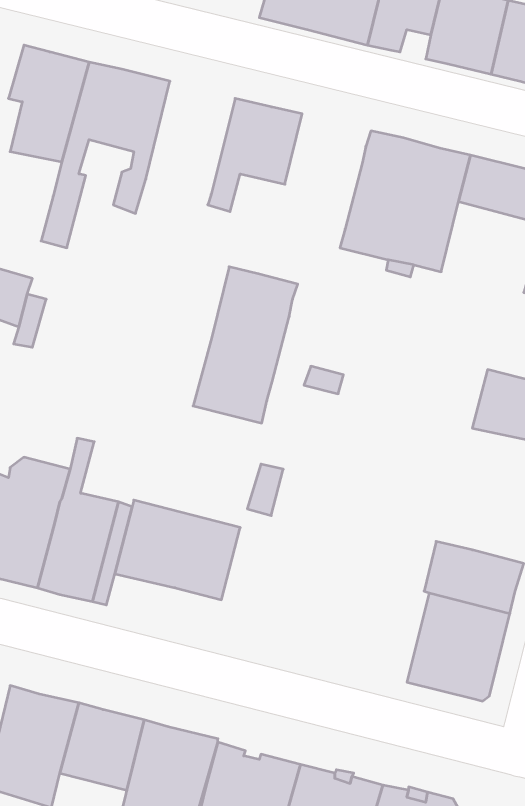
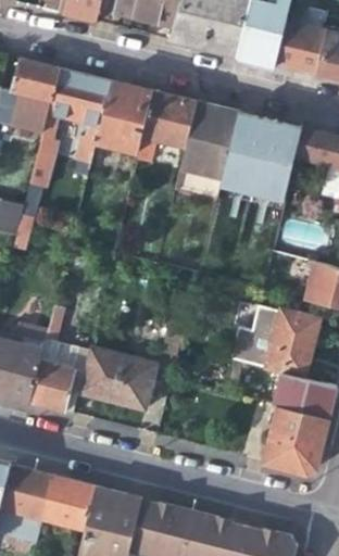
building: none -> [98,80,154,152]
building: [193,267,298,423] -> [174,101,240,200]
building: none -> [231,308,319,377]

